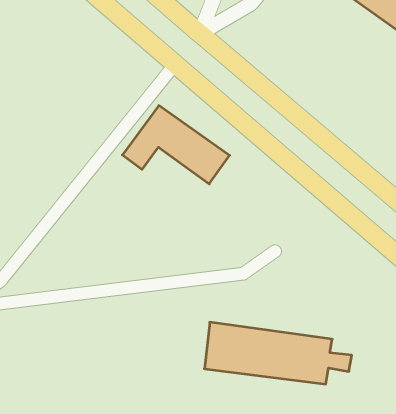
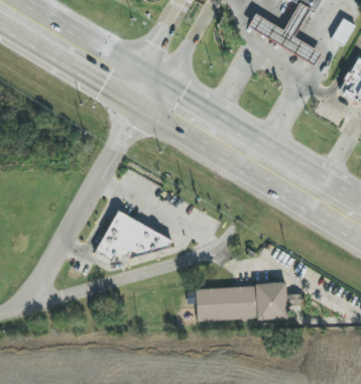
building: [122,106,230,184] -> [96,211,173,261]

